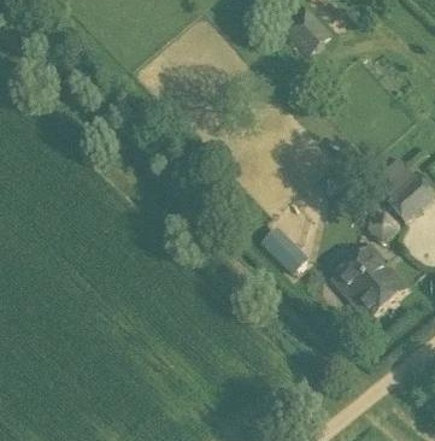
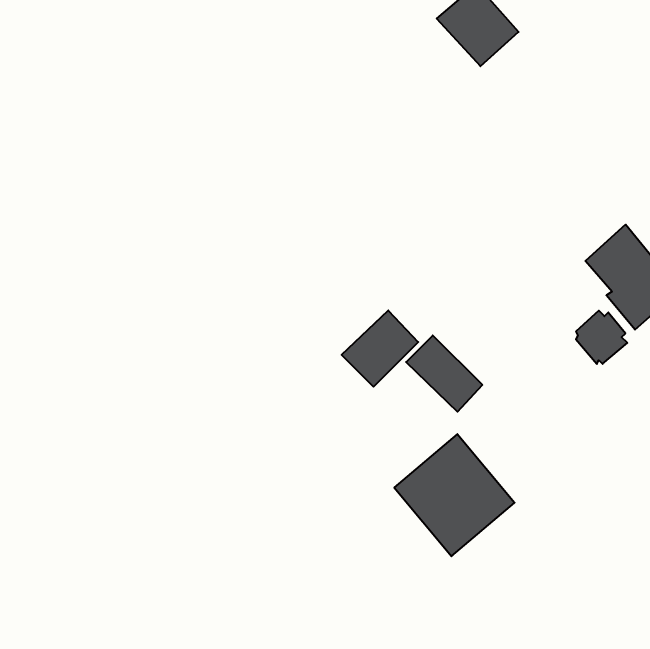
building: none -> [342,310,418,387]
building: [331,243,407,321] -> [394,434,515,556]

